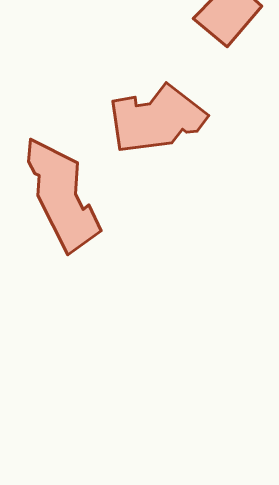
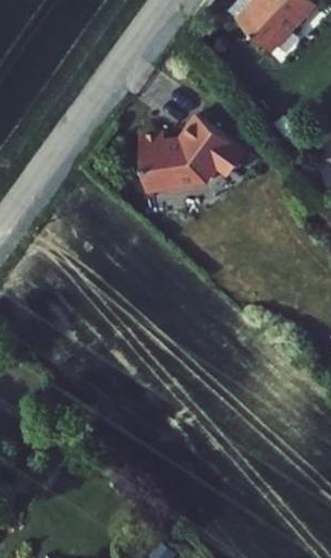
building: [29,139,101,255] -> none

